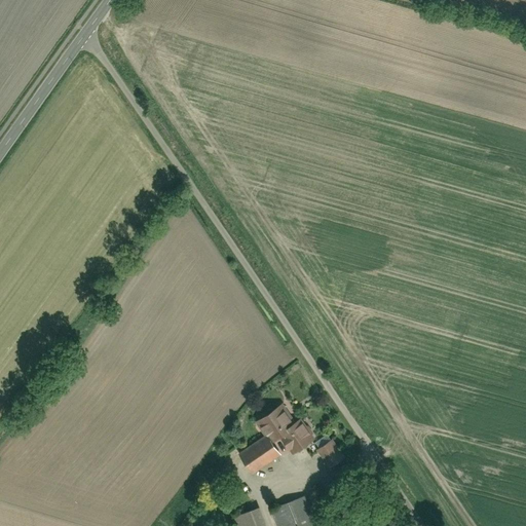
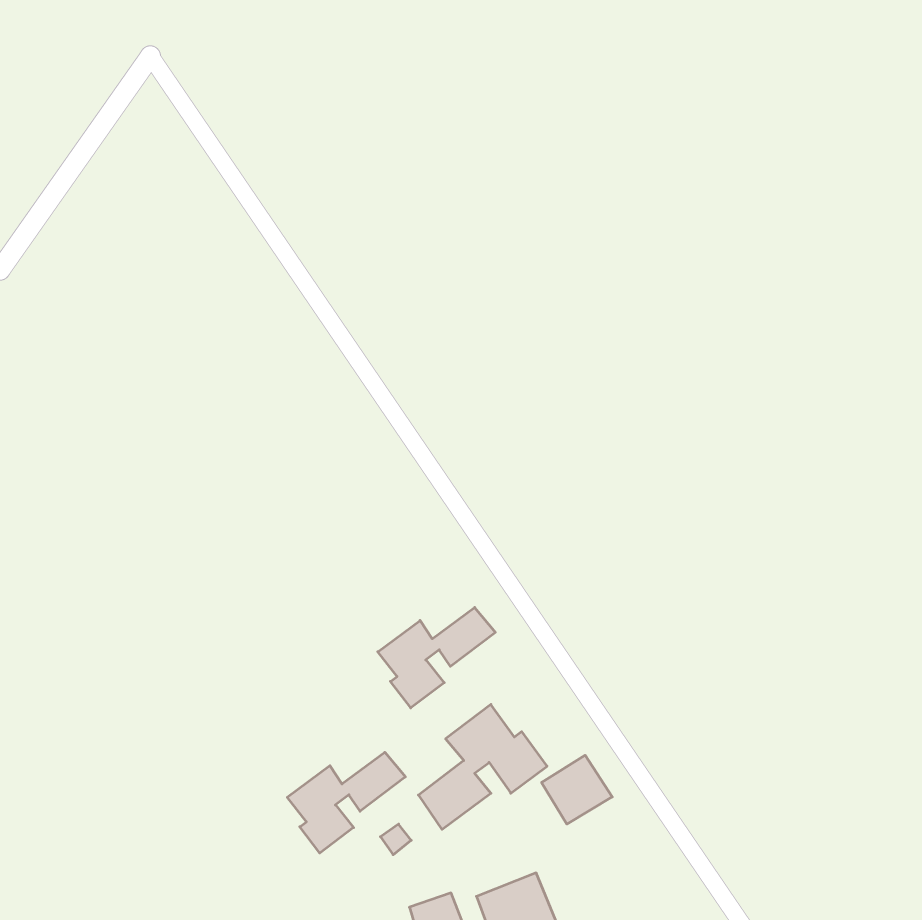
building: none -> [378,607,495,708]
building: none -> [287,752,405,853]

